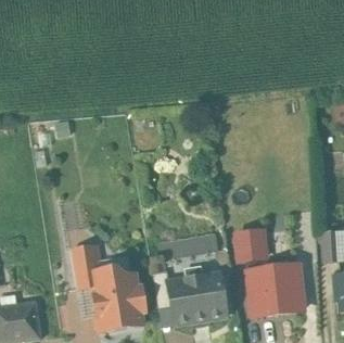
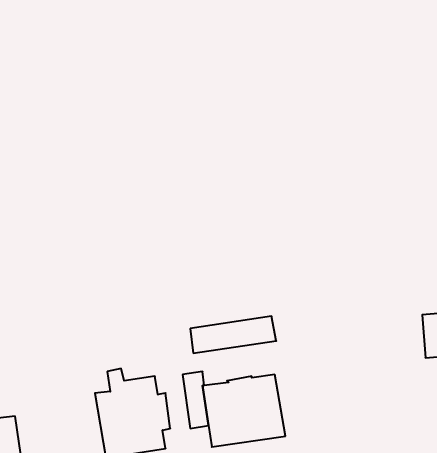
building: [239,231,266,258] -> none
building: [72,246,103,289] -> none
building: [251,265,304,316] -> none

